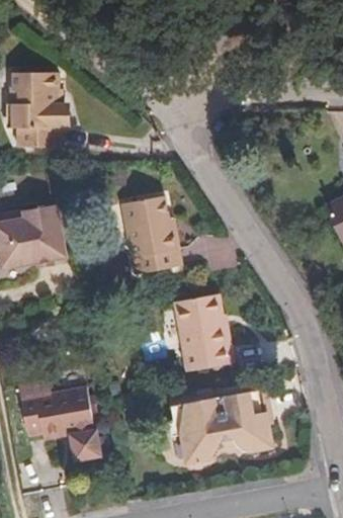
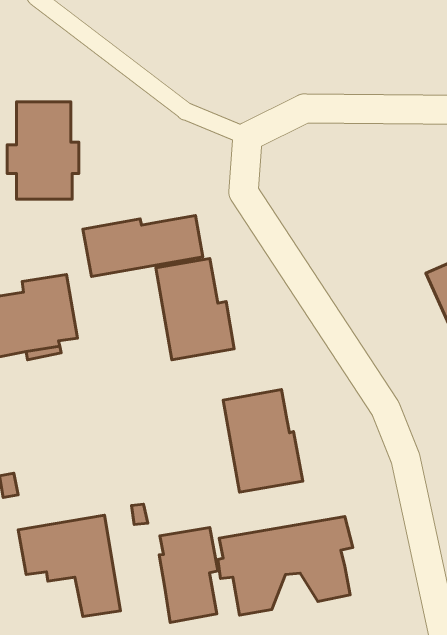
building: none -> [83,216,203,276]
building: none -> [159,527,218,622]

